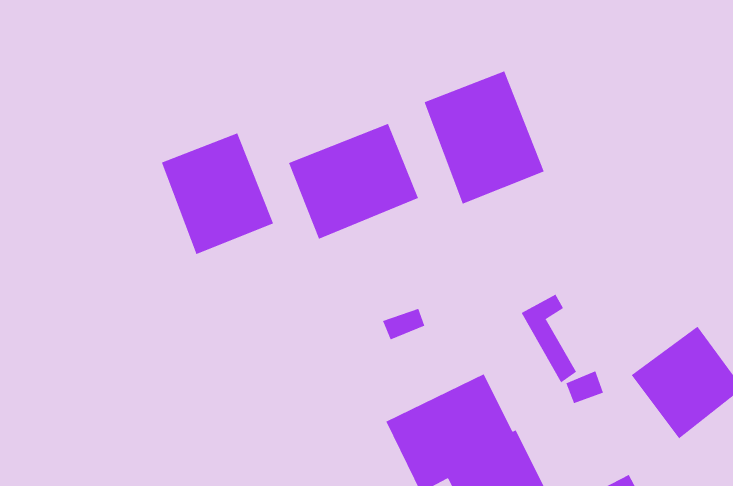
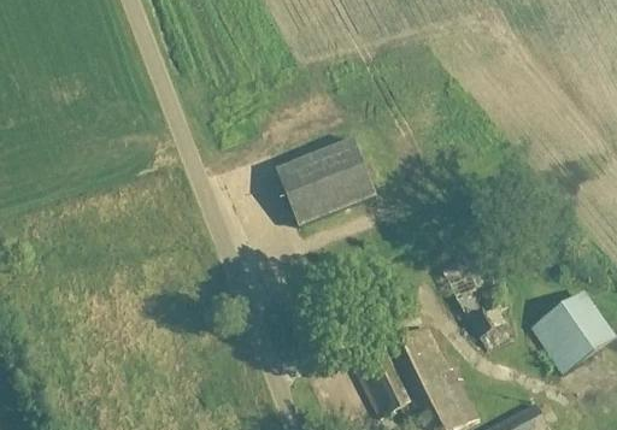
building: [424,70,545,204] -> none
building: [161,132,274,255] -> none

